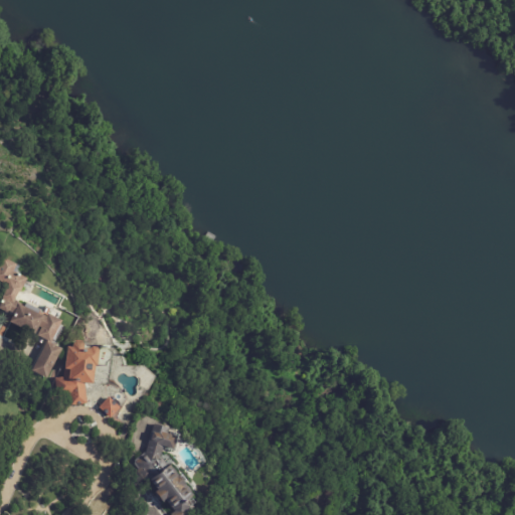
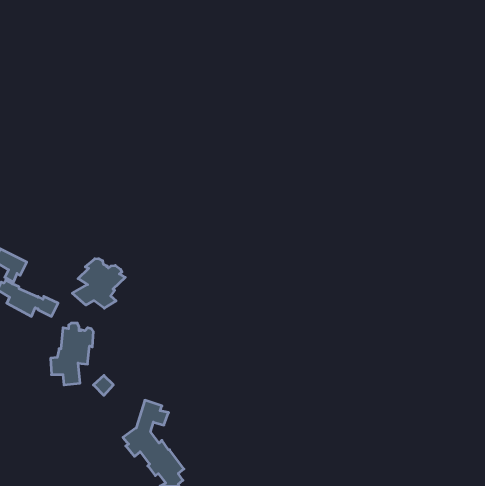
building: none -> [72,259,125,308]
building: [32,338,63,377] -> none

